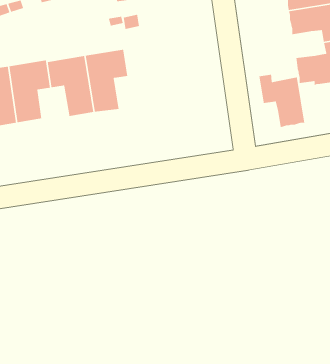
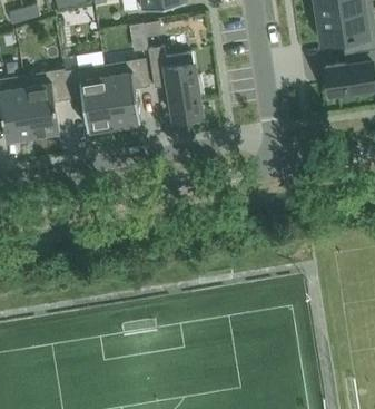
building: none -> [147,48,203,119]
building: [259,74,305,128] -> none

